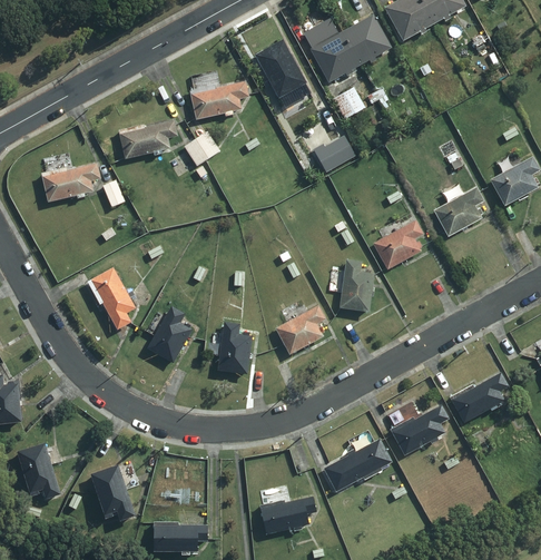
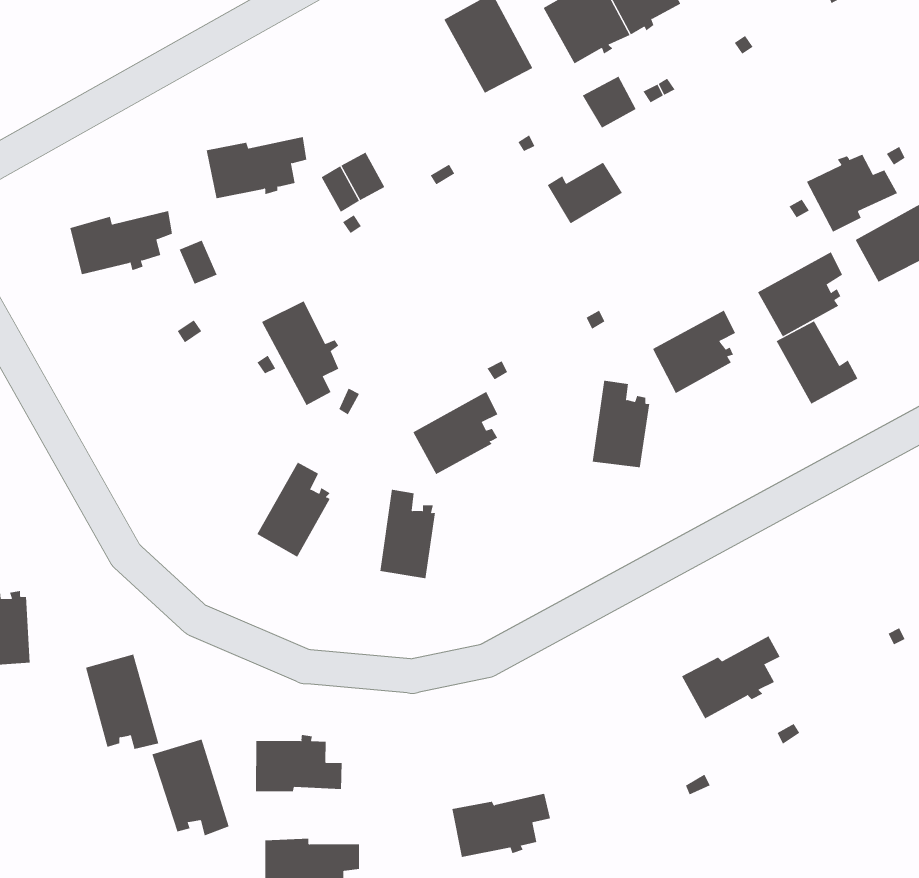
building: [193,82,249,118] -> none
building: none -> [806,154,898,232]
building: none -> [776,321,858,405]
building: [90,268,135,328] -> [261,301,339,406]
building: [276,305,325,353] -> [412,391,498,475]
building: [450,373,508,422] -> none
building: [324,440,391,491] -> none
building: [16,443,58,498] -> [85,654,159,749]
building: none -> [255,734,342,792]

